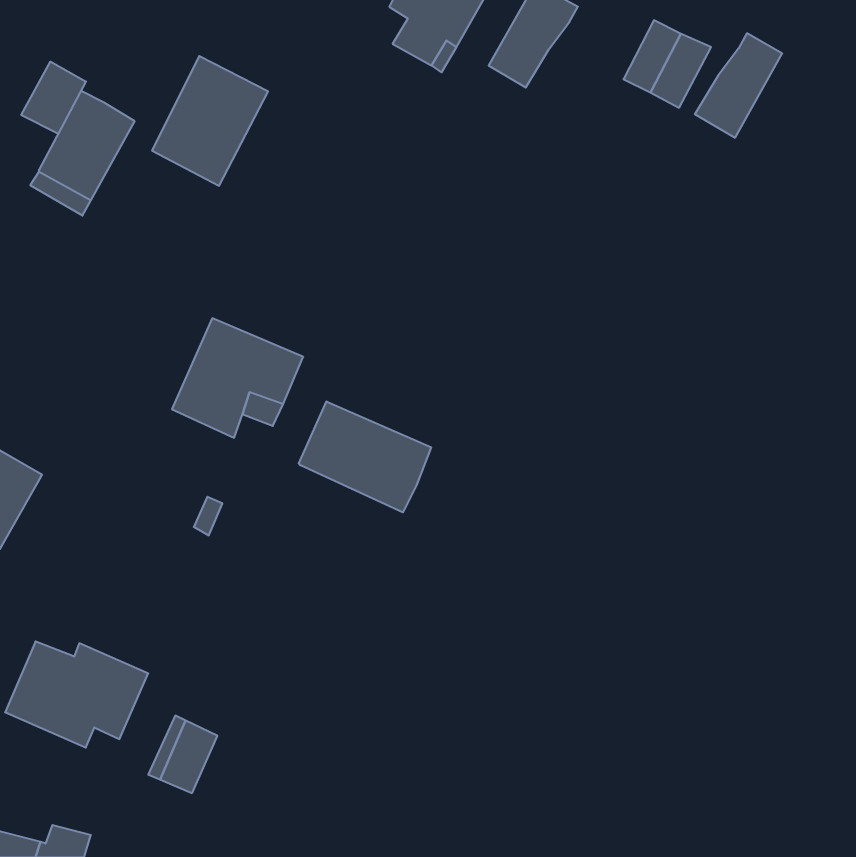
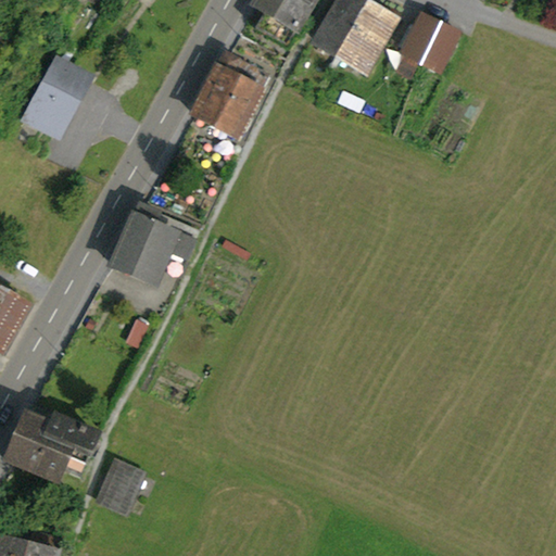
building: [695,33,782,138] -> [339,4,395,72]
building: [152,56,268,186] -> [191,53,266,137]
building: [21,62,86,134] -> none
building: [299,401,431,512] -> none

